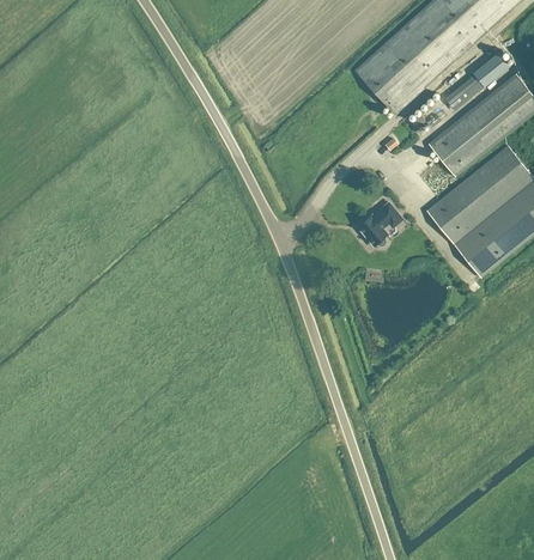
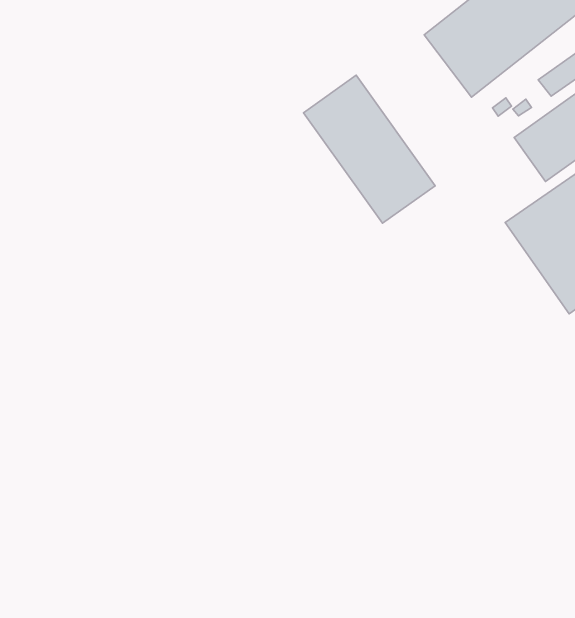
building: none -> [304,75,435,223]
building: [357,201,398,245] -> none

